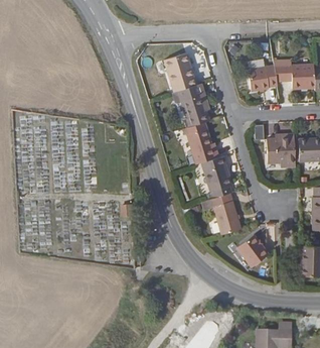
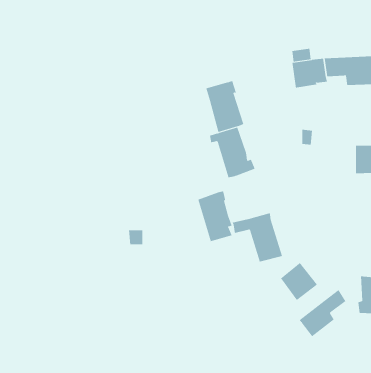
building: [166,53,198,93] -> none
building: [269,134,297,165] -> none
building: [204,155,232,197] -> [198,191,232,242]
building: none -> [299,289,346,337]

